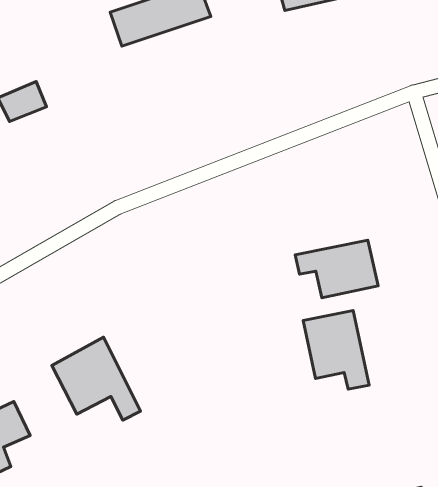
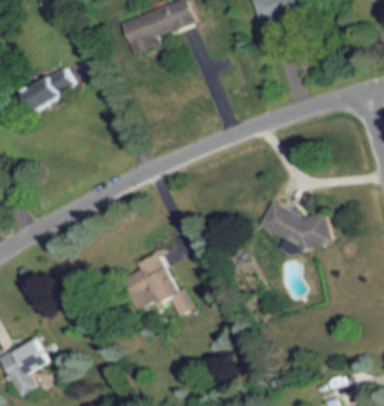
building: [303,311,369,389] -> none
building: [52,337,141,420] -> [119,250,190,317]

